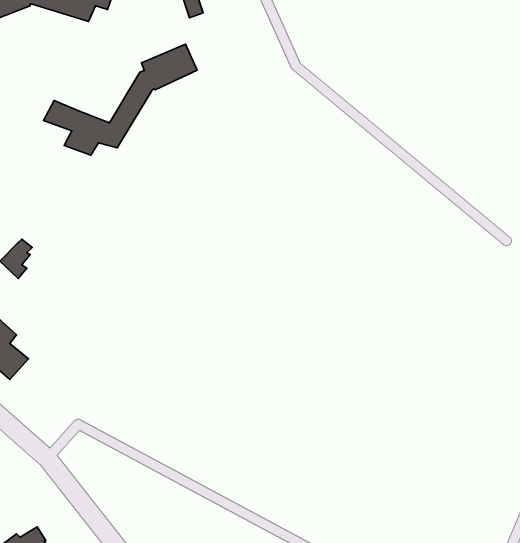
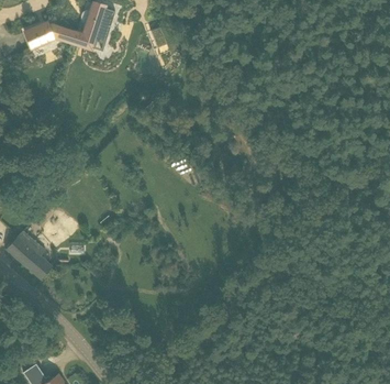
building: [43,44,197,155] -> none

